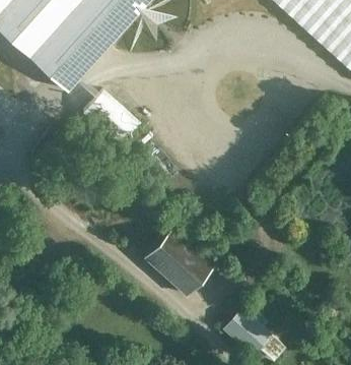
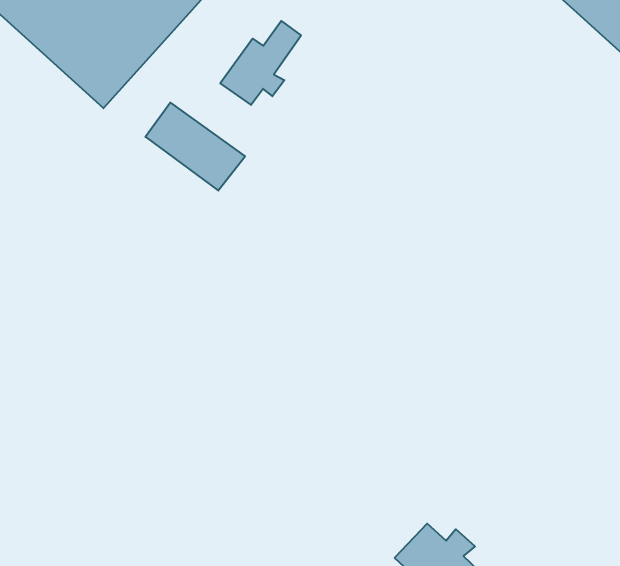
building: none -> [220,21,301,105]
building: [143,226,213,295] -> none

